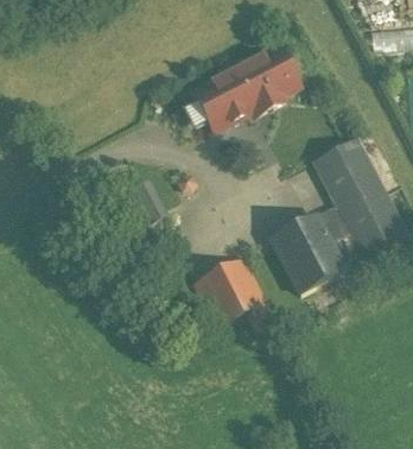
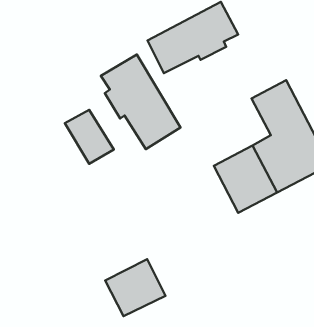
building: none -> [101,54,181,149]
building: [196,257,266,323] -> [105,259,165,316]

